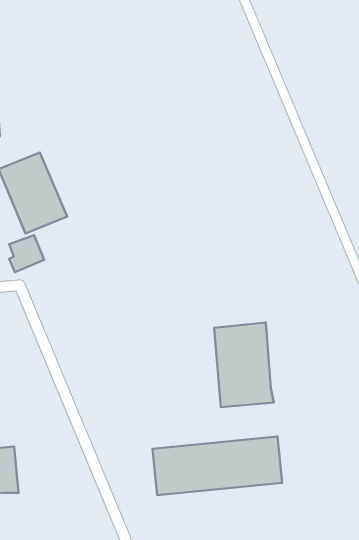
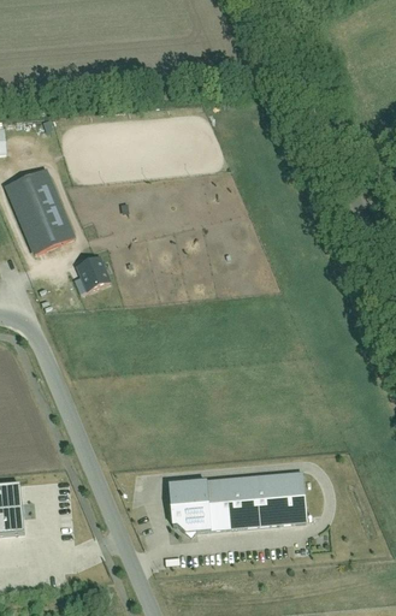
building: [9,235,44,272] -> [72,253,110,292]
building: [214,323,274,407] -> none

